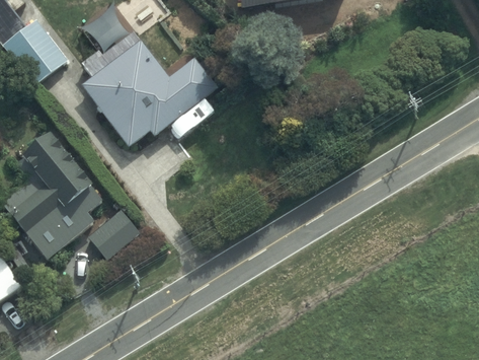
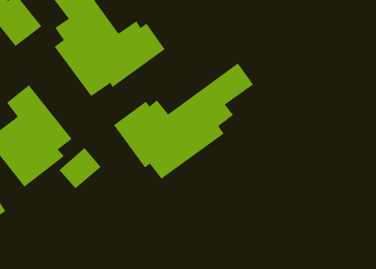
building: none -> [113,63,254,179]

